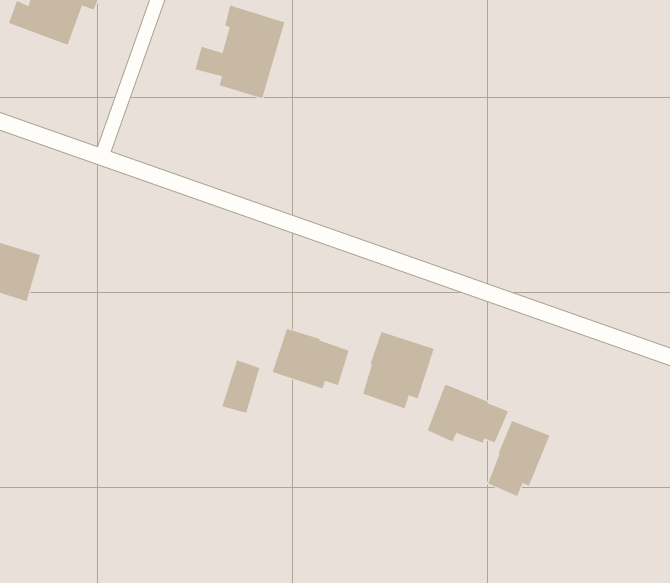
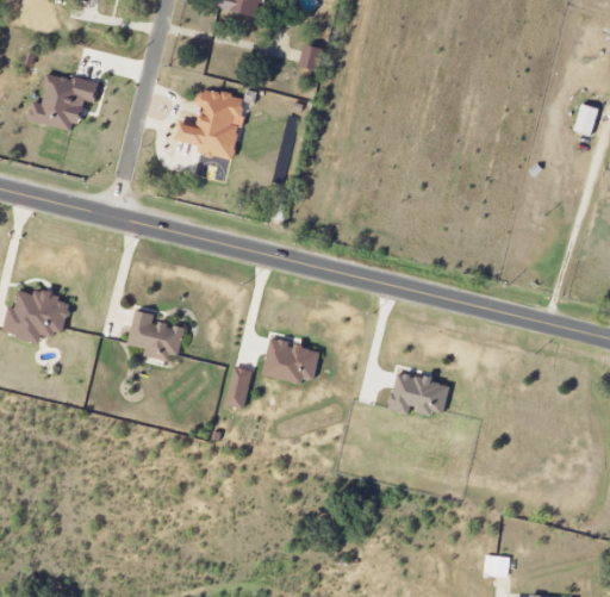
building: none -> [126,309,183,362]
building: [362,331,435,409] -> none
building: [488,420,550,497] -> none

